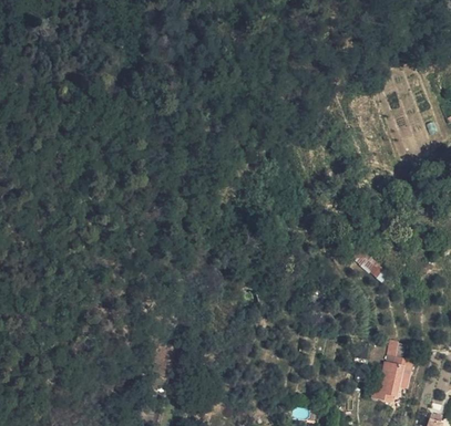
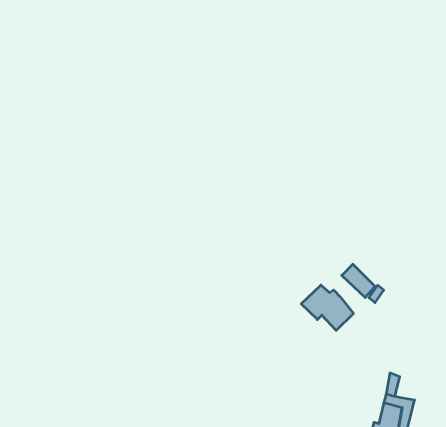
building: none -> [301,285,353,330]

